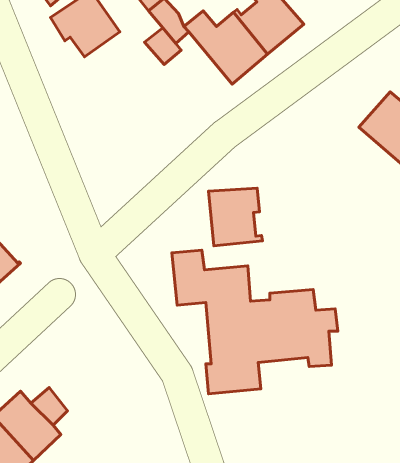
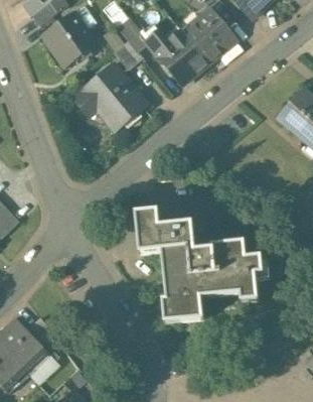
building: none -> [73,64,144,125]
building: [209,188,263,246] -> none

